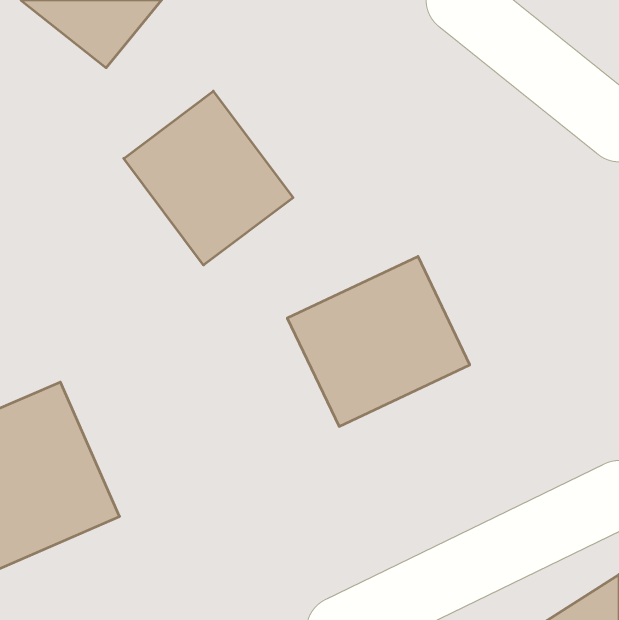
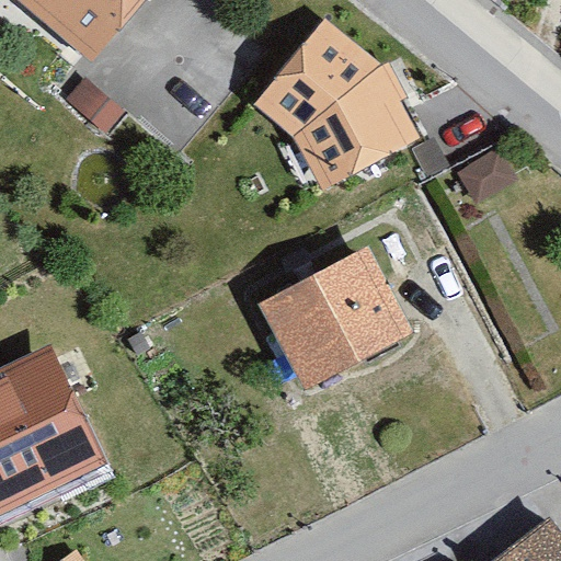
building: none -> [257,32,399,184]
building: [124,91,293,265] -> none

